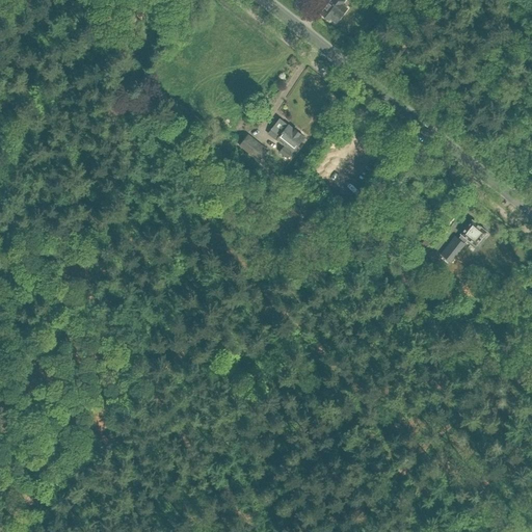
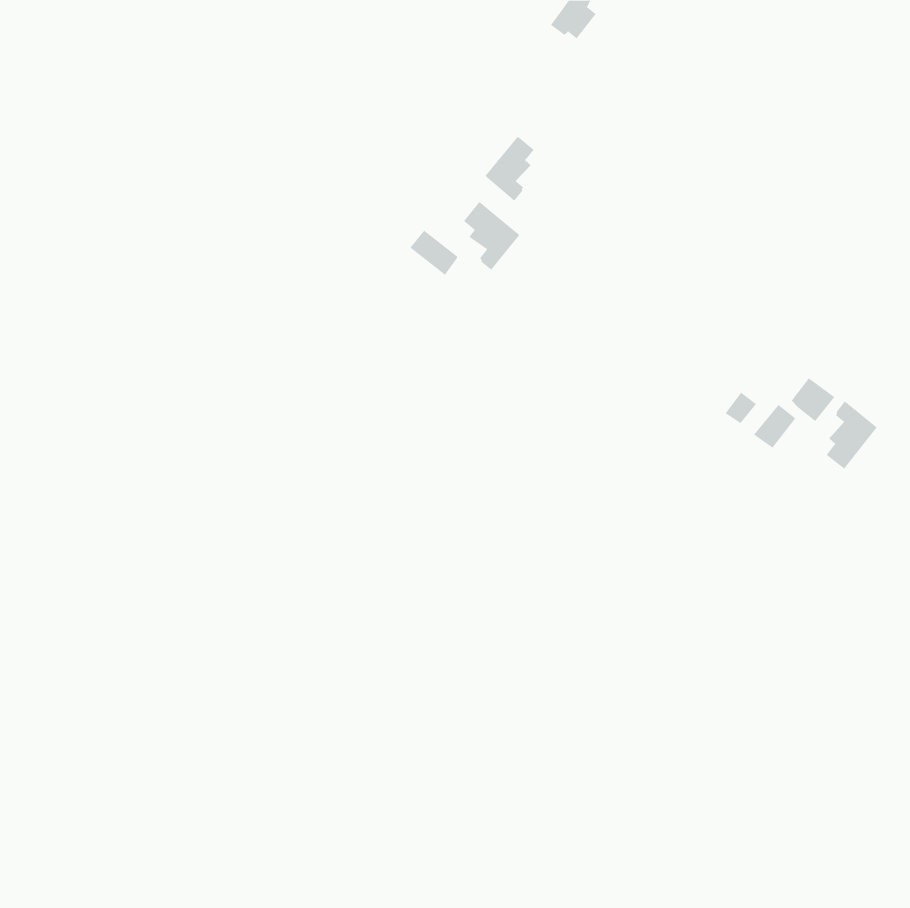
building: none -> [484,136,535,201]
building: none -> [826,401,878,470]

